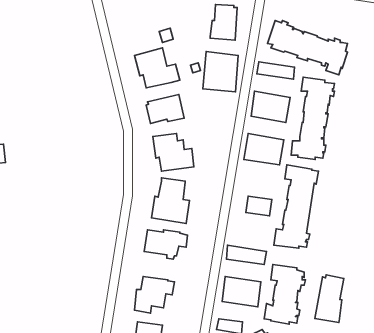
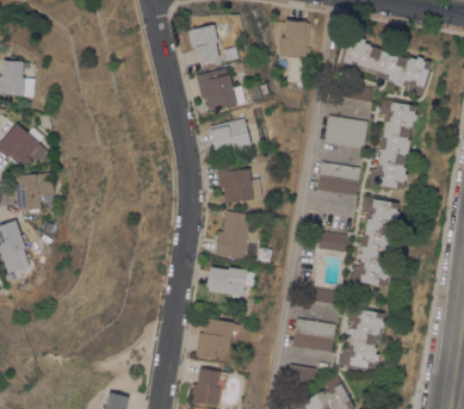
building: none -> [187,24,218,62]
building: [203,51,238,92] -> none
building: [315,275,344,322] -> none

